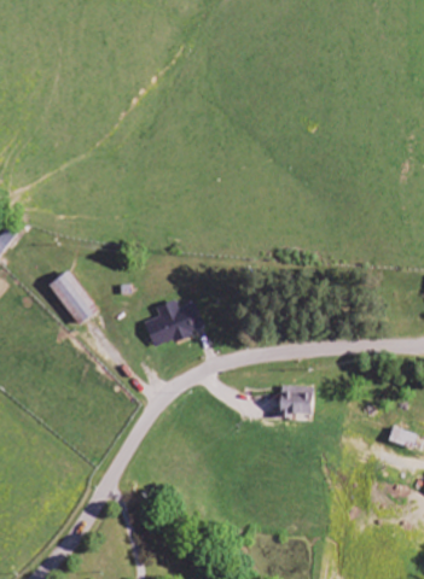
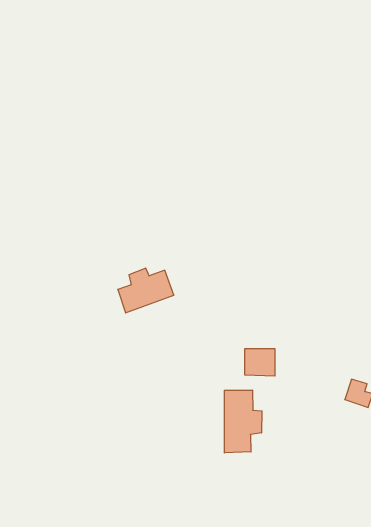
building: [47,269,95,324] -> none
building: none -> [224,390,262,453]

